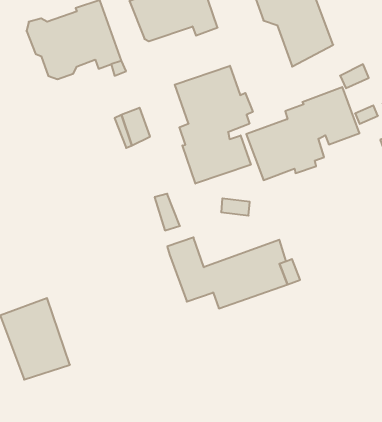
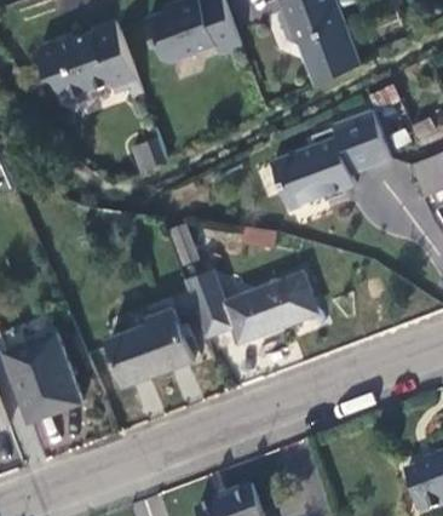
building: [175,66,253,184] -> none
building: none -> [107,308,189,384]

